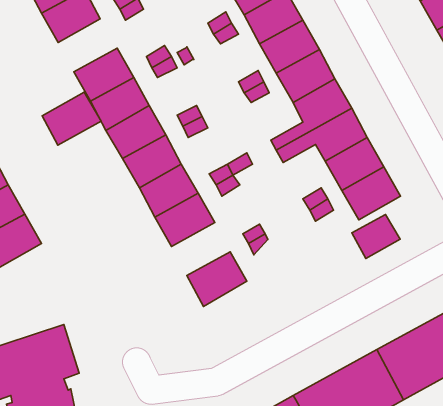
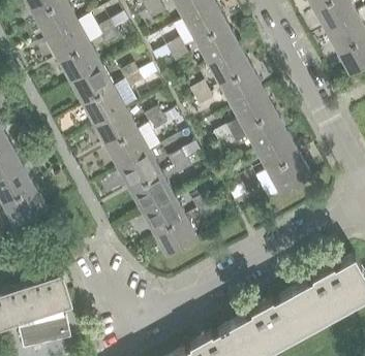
building: [42,92,101,145] -> [59,46,102,86]
building: [352,215,400,259] -> none
building: none -> [143,197,186,236]

